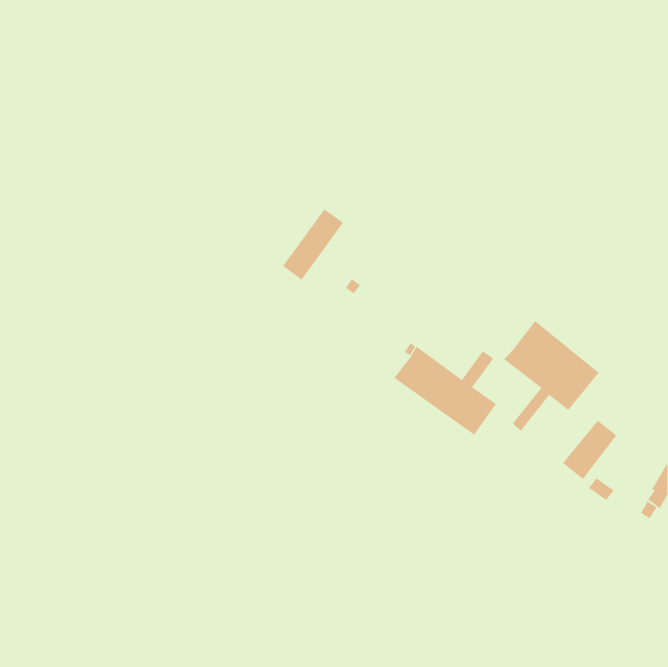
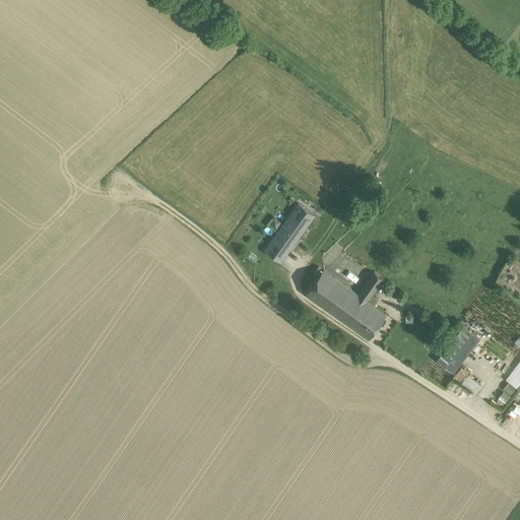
building: [282,208,344,280] -> [266,205,314,261]
building: [504,320,599,432] -> none

